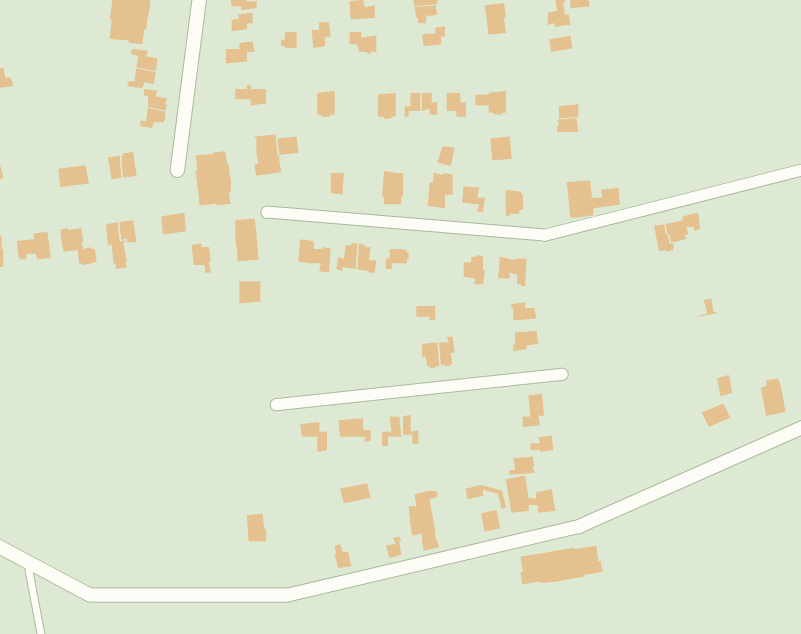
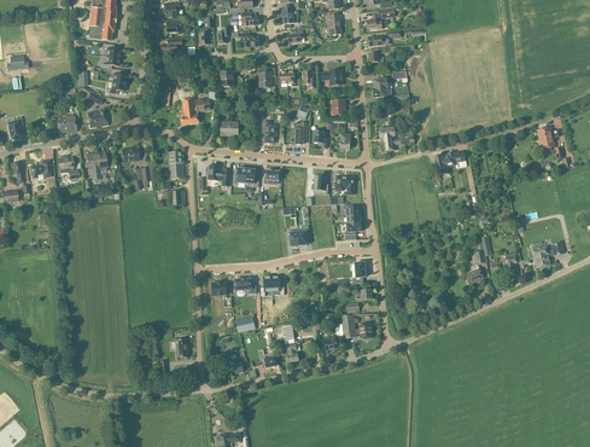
building: [195,150,232,206] -> none
building: [520,545,603,585] -> none

